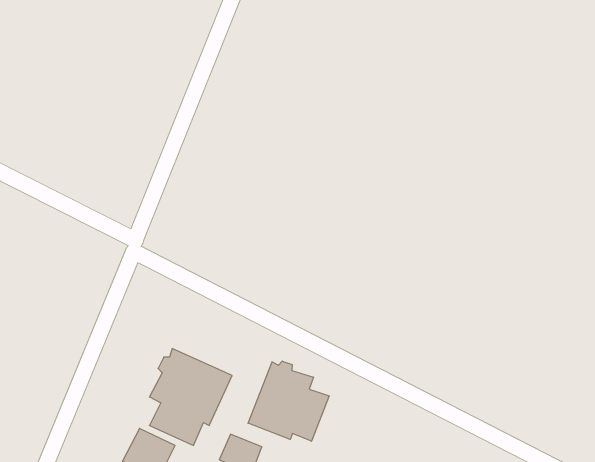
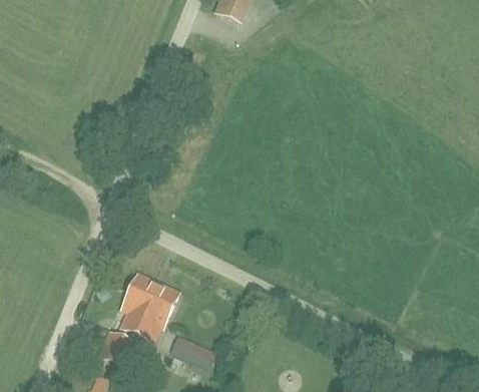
building: [248,361,329,441] -> none

